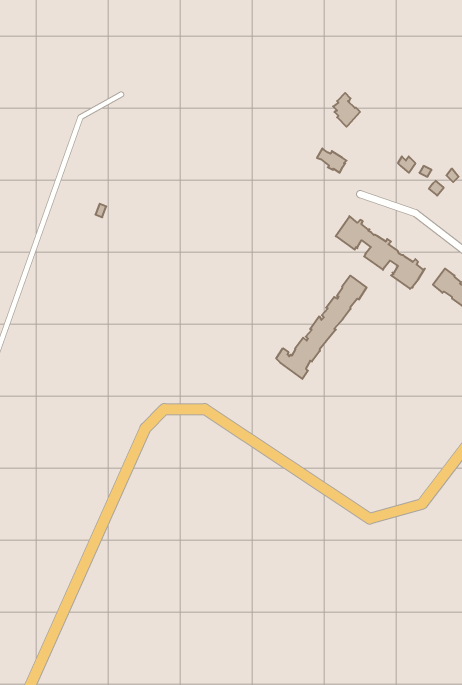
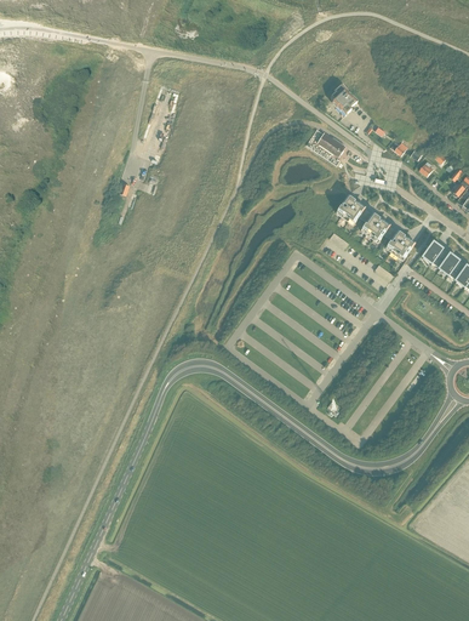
building: [276,276,367,379] -> none

